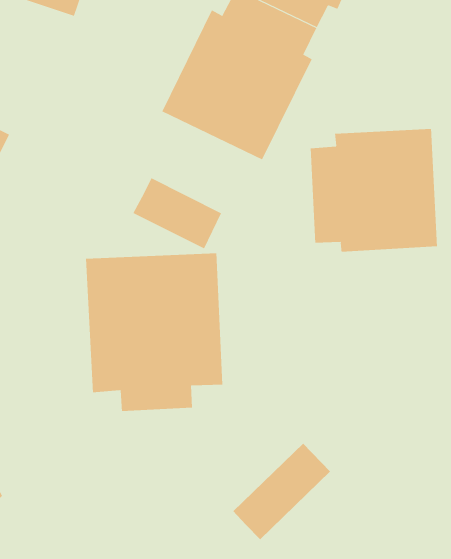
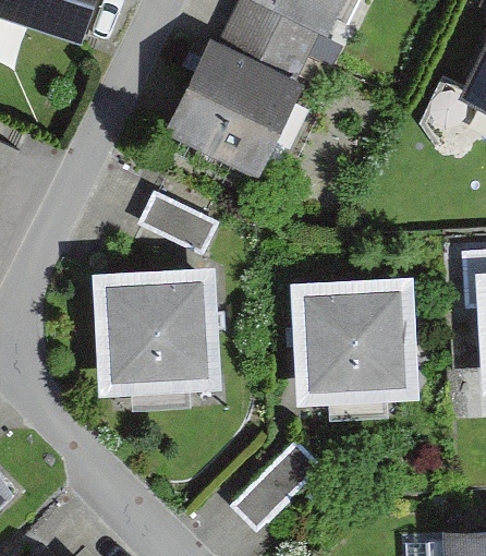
building: [310,128,437,252] -> none
building: none -> [291,275,421,424]

